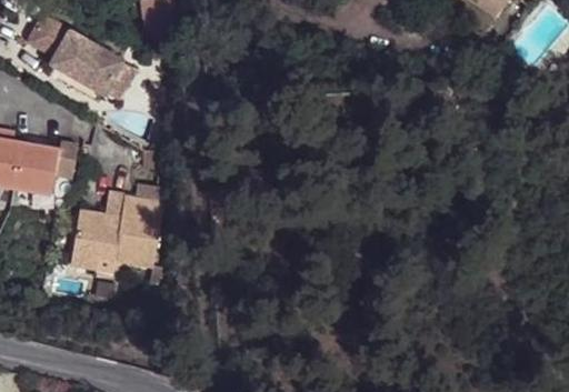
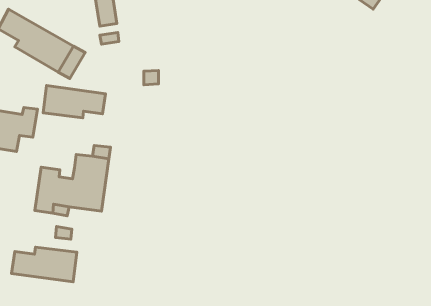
building: none -> [43,86,106,118]
building: none -> [11,247,77,282]

